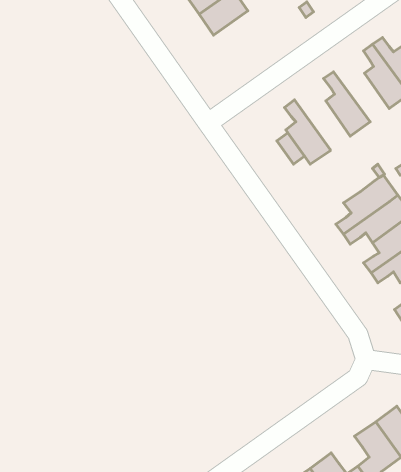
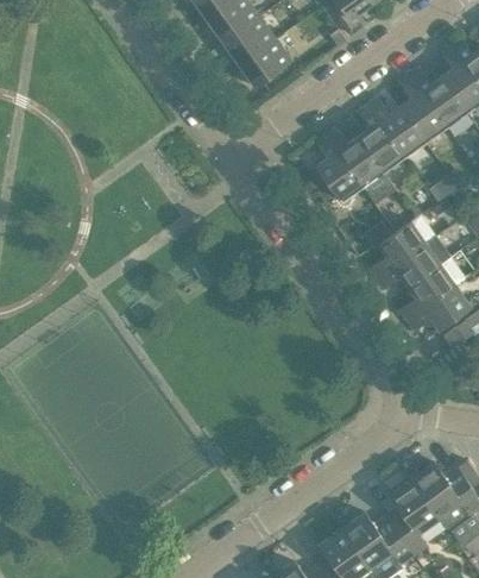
building: none -> [239,39,292,88]
building: none -> [367,98,427,158]
building: none -> [326,127,397,206]

